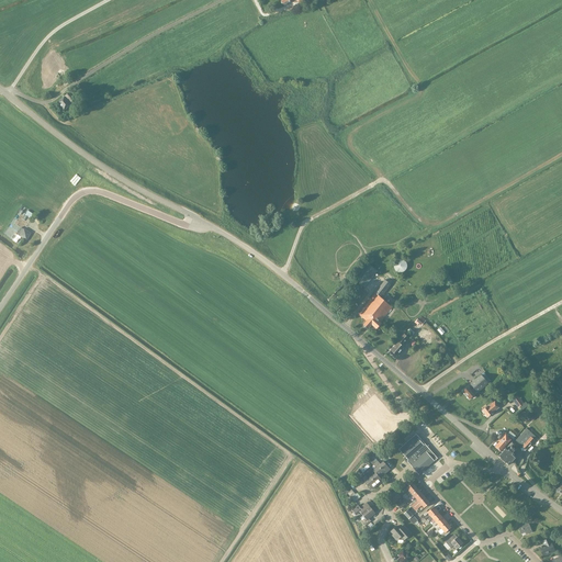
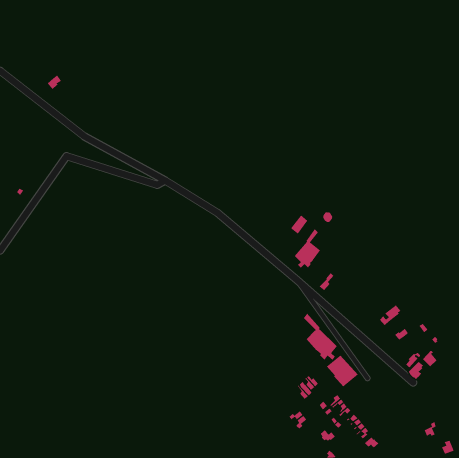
building: none -> [303,313,337,361]

